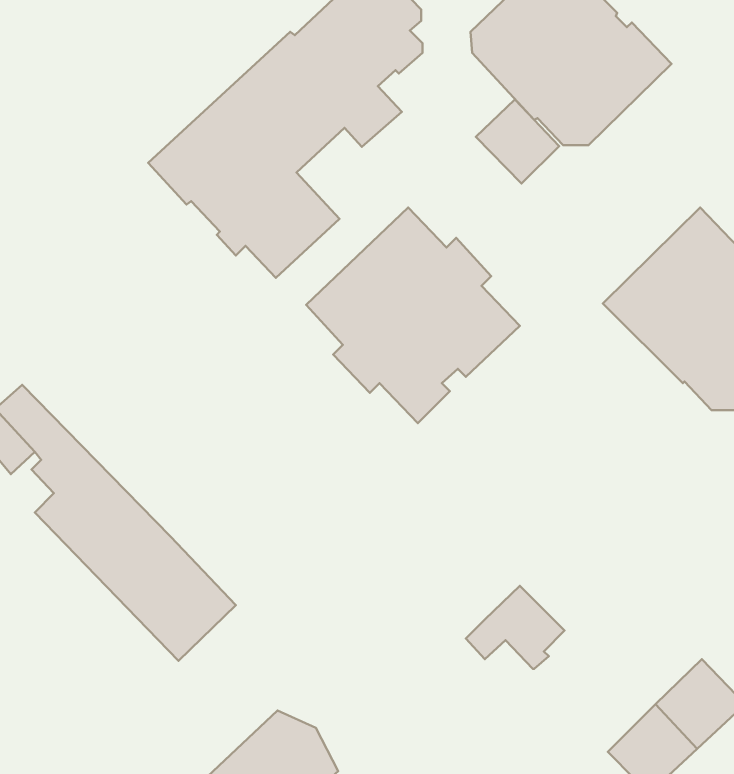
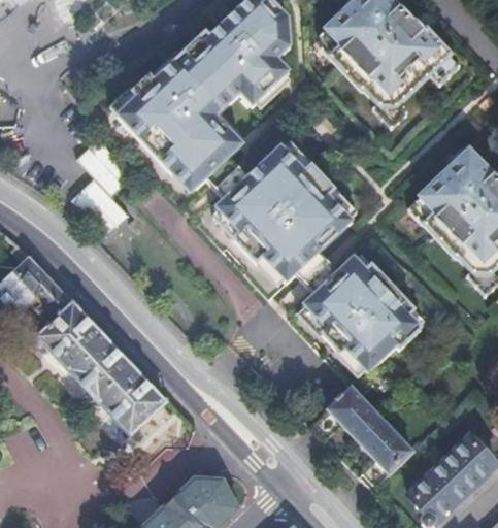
building: [476,99,559,184] -> none
building: none -> [303,255,422,372]
building: none -> [362,416,413,485]

